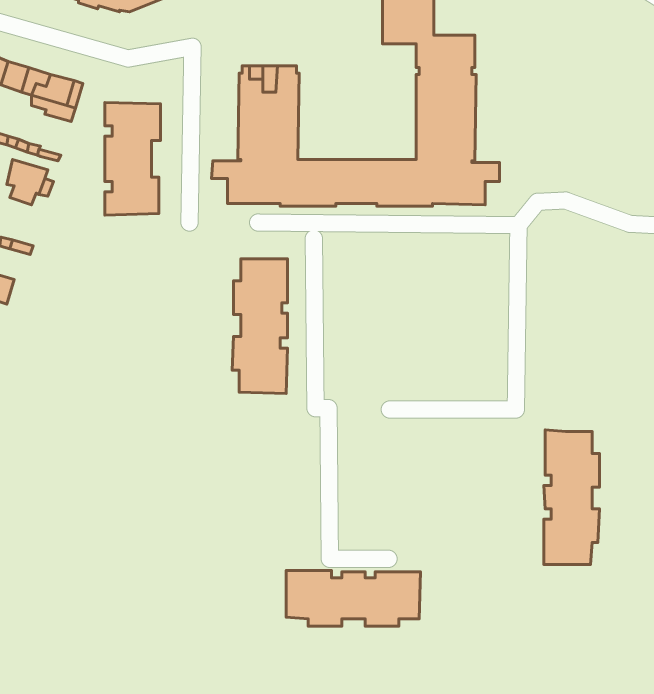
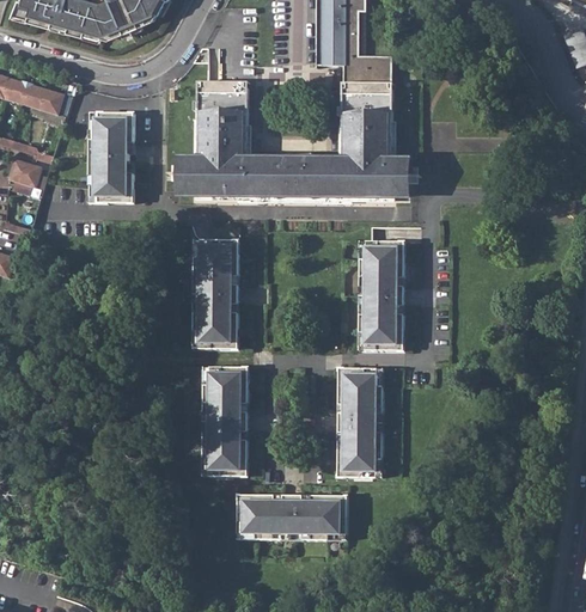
building: none -> [358,240,403,350]
building: none -> [201,366,246,476]
building: [544,430,599,565] -> [336,367,381,477]

